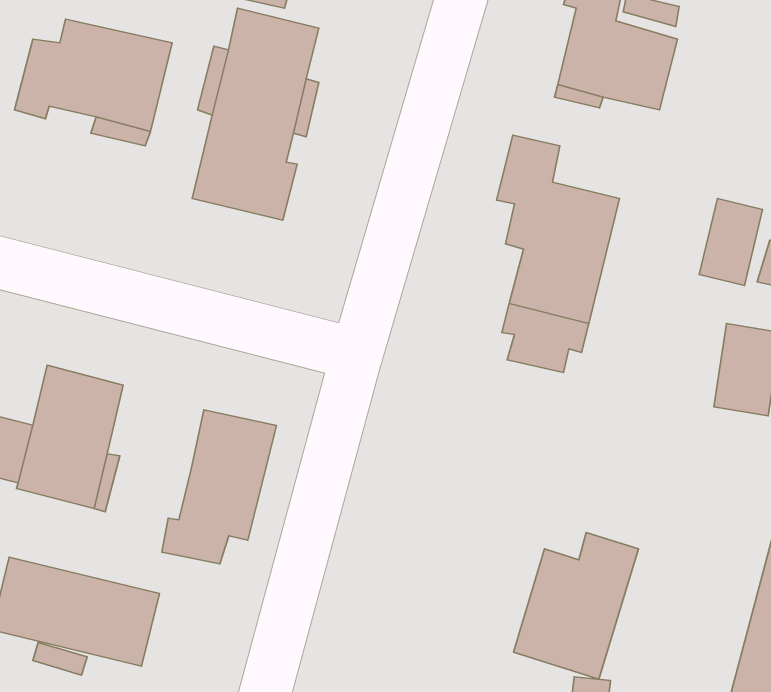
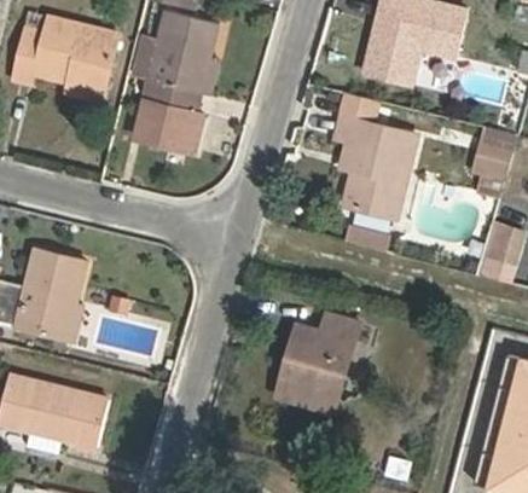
building: [162,410,277,564] -> none
building: [514,533,639,679] -> [277,315,360,413]

